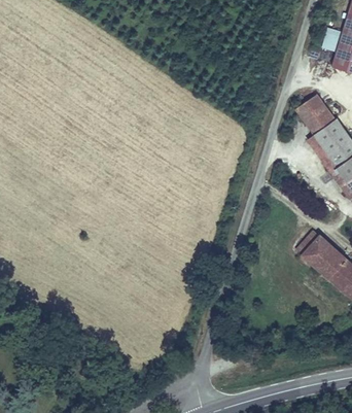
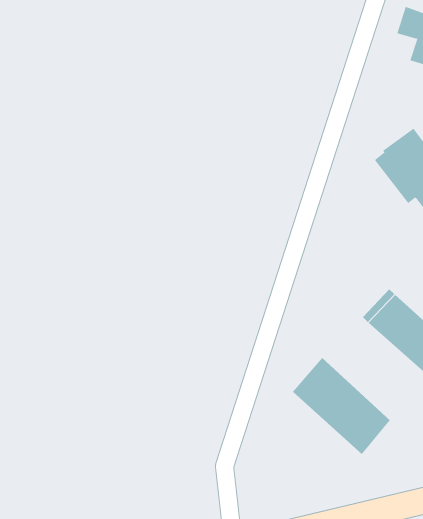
building: [294,94,333,132] -> none
building: none -> [292,357,390,455]

